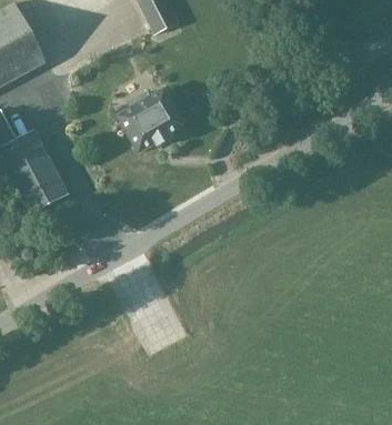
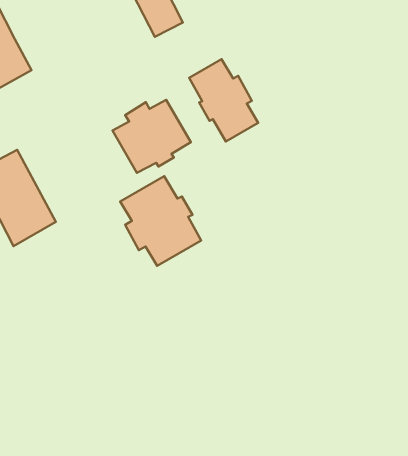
building: none -> [189,59,258,141]
building: none -> [120,176,201,266]

